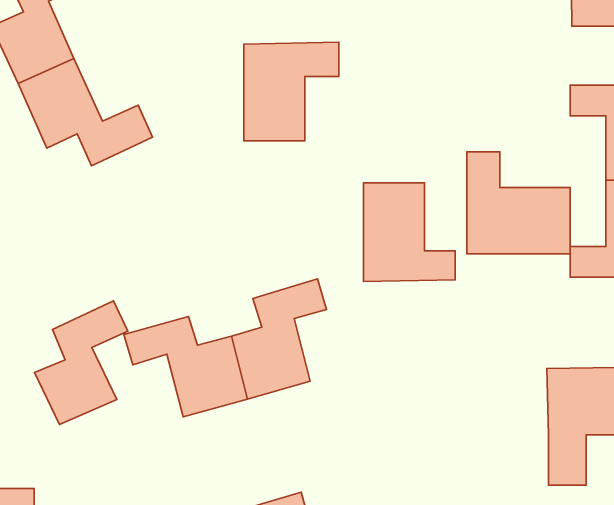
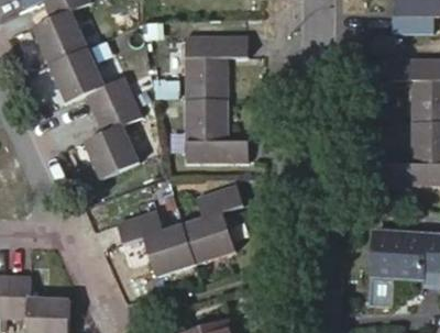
building: [467,152,570,254] -> none
building: [364,183,455,281] -> [189,95,245,155]
building: [35,301,128,424] -> [85,92,142,168]

